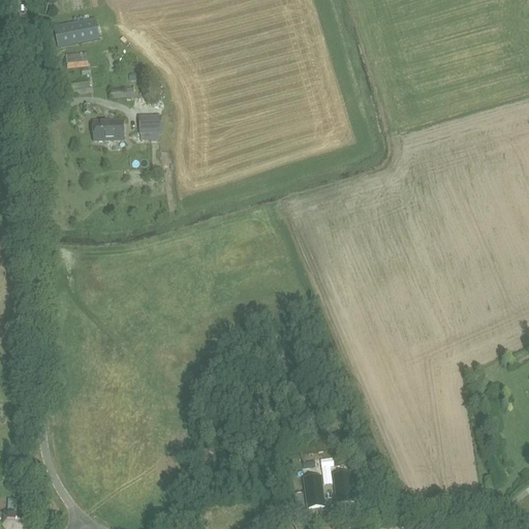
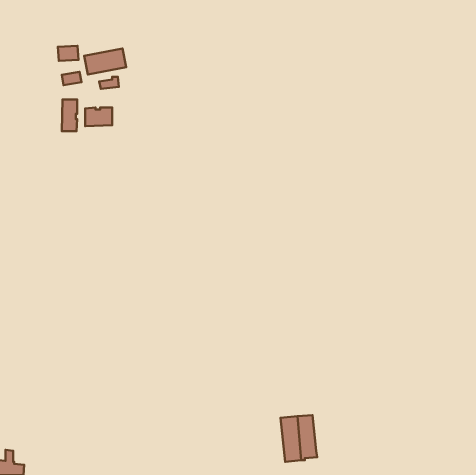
building: [53,18,99,46] -> [84,48,126,75]
building: none -> [62,99,77,131]
building: [138,115,159,138] -> none

